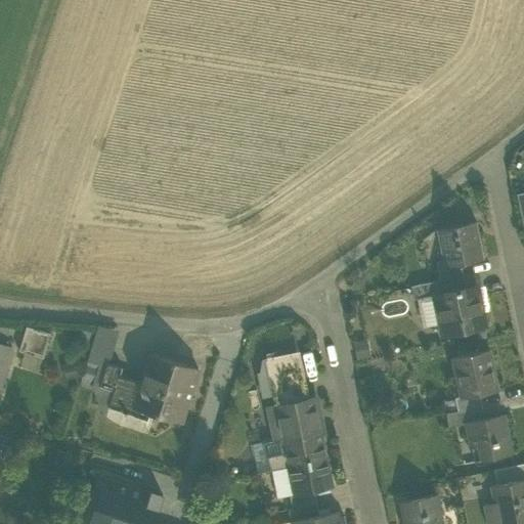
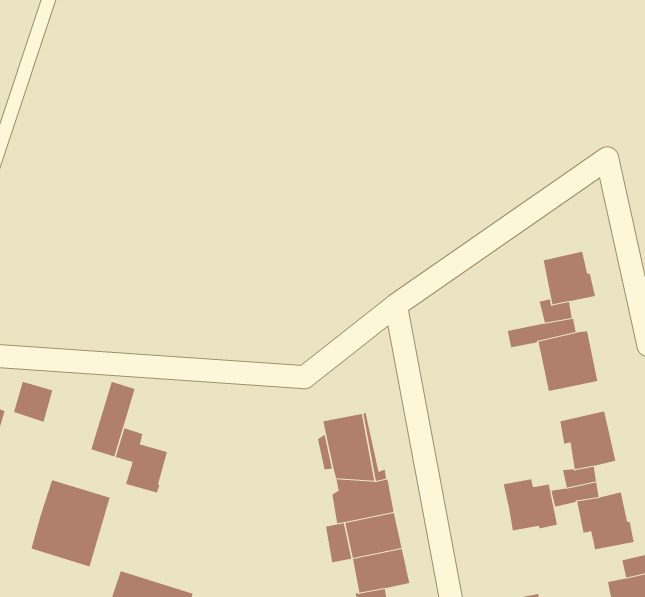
building: [134,355,198,425] -> [31,479,111,567]
building: none -> [503,479,558,531]

